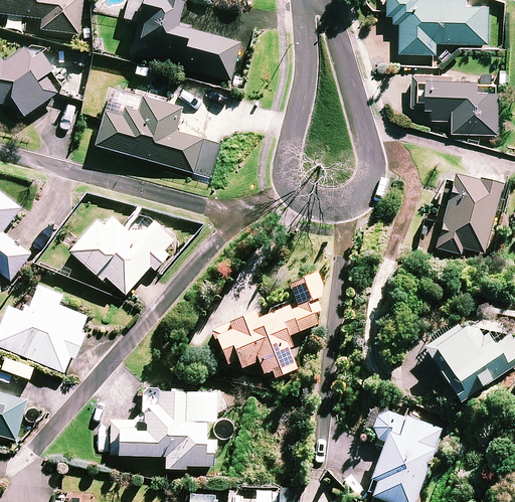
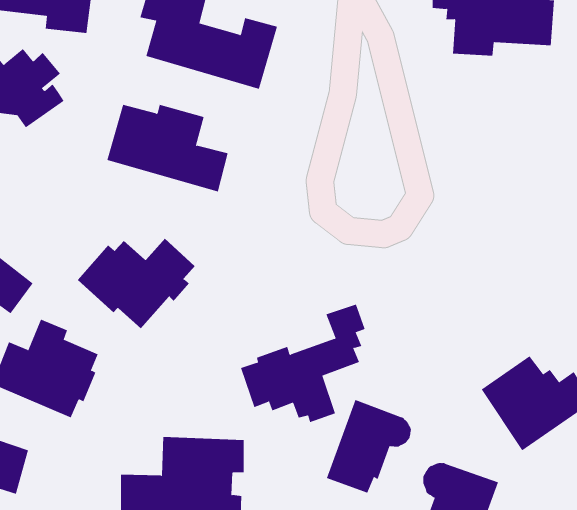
building: [411,74,501,134] -> none
building: [438,173,501,255] -> none
building: none -> [326,399,411,493]

